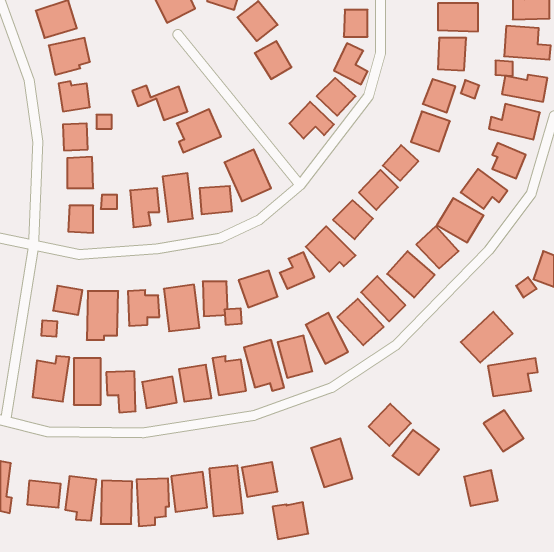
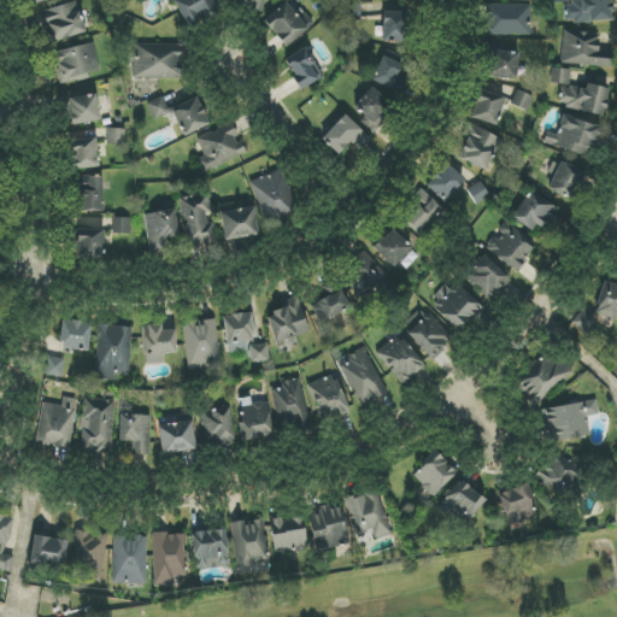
building: none -> [133,43,182,78]
building: [464,470,498,506] -> [499,483,536,523]
building: [273,502,308,539] -> [308,506,348,547]

